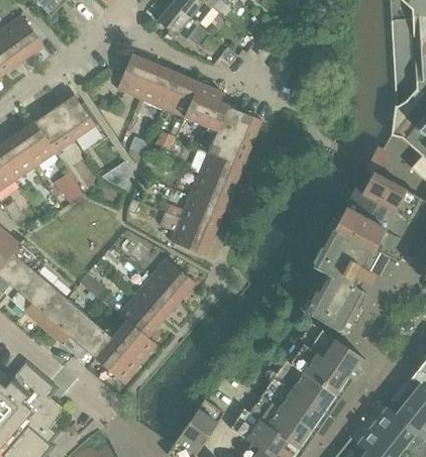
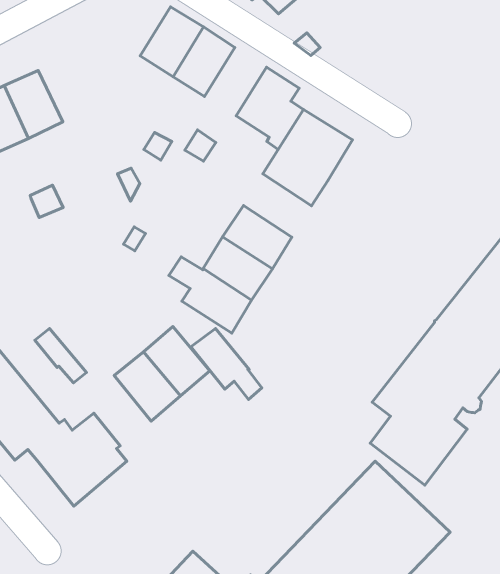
building: [163,74,199,117] -> none
building: [54,95,95,139] -> none
building: [199,151,242,189] -> none
building: none -> [191,328,262,400]
building: [117,296,163,340] -> none

